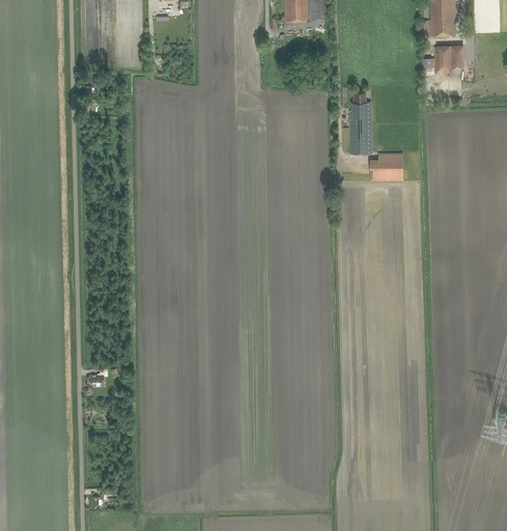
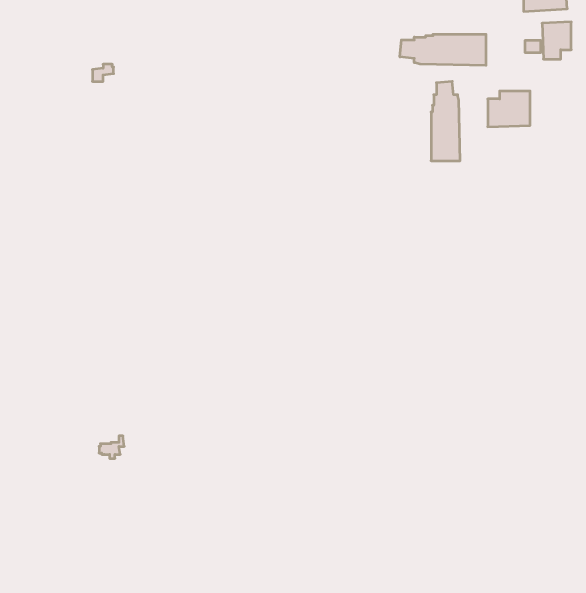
building: none -> [400,34,486,65]
building: [369,152,402,180] -> [488,91,530,127]

